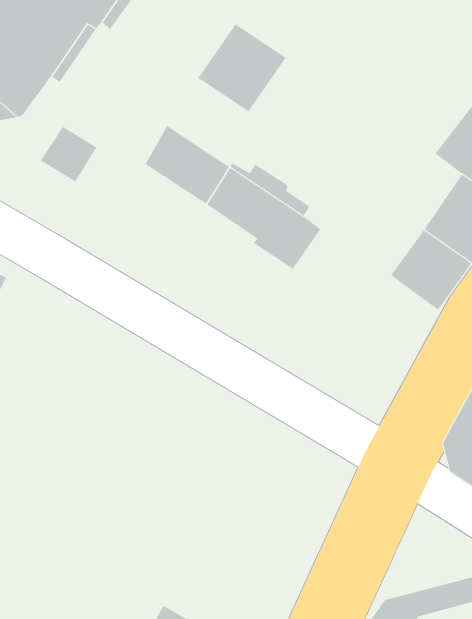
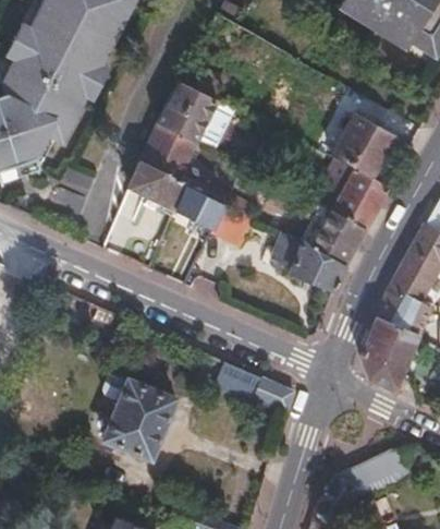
building: none -> [140,123,197,179]
building: none -> [273,235,347,293]
building: none -> [220,363,294,414]
building: none -> [106,381,173,458]

